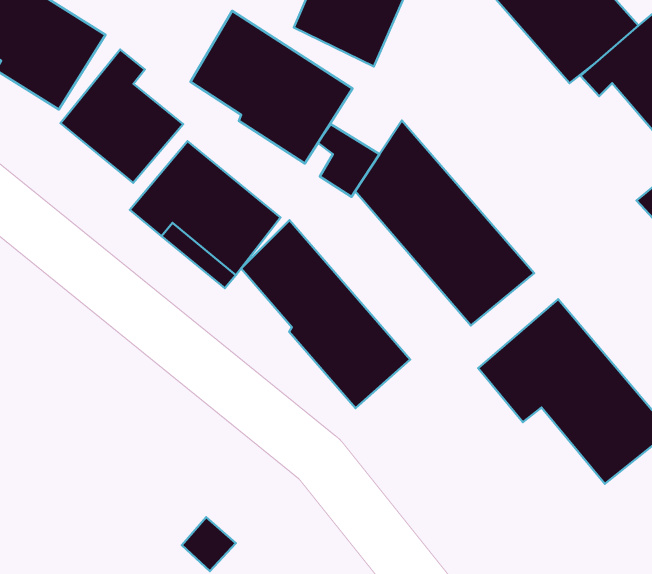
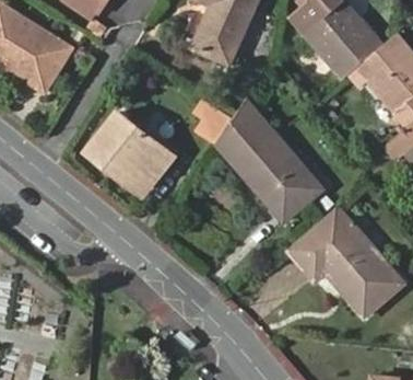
building: [190,11,352,164] -> none
building: [60,49,183,183] -> none
building: [241,220,410,408] -> none

